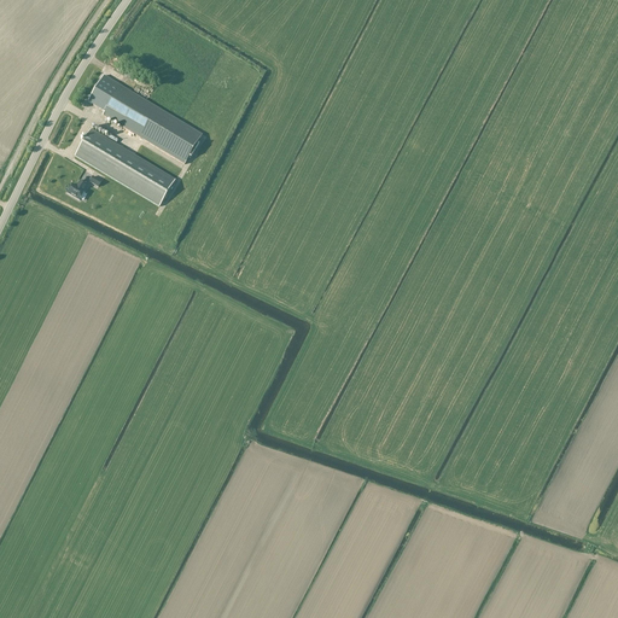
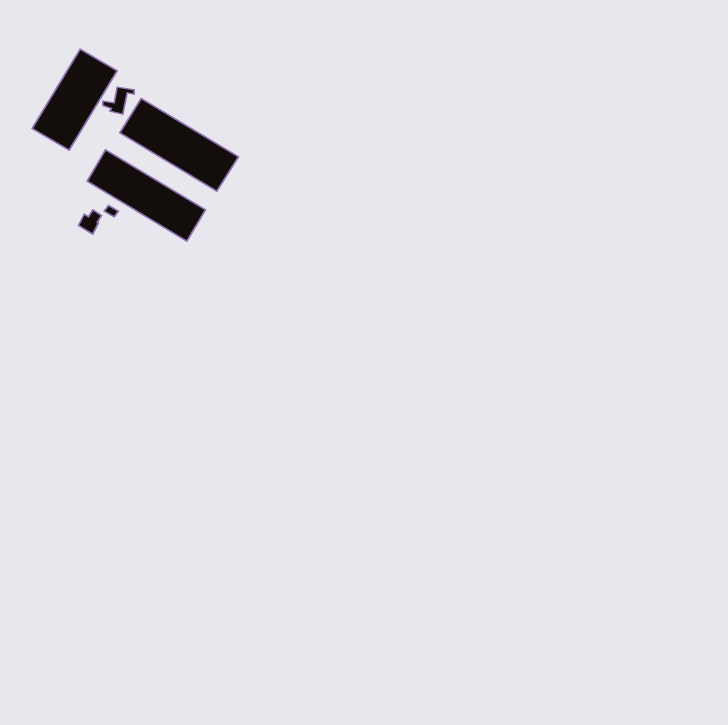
building: none -> [32,49,117,150]

